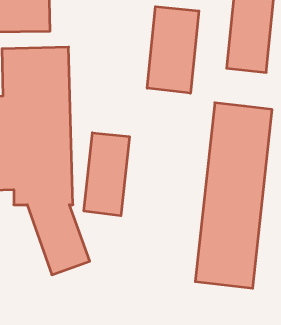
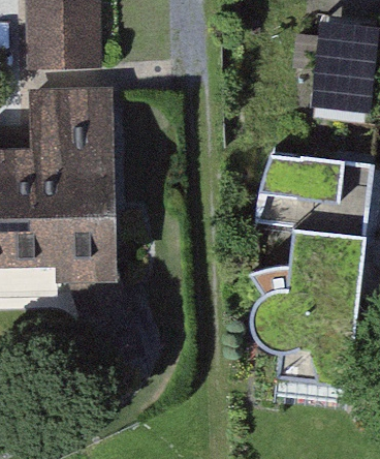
building: [147,7,199,93] -> none
building: [84,133,129,216] -> none

